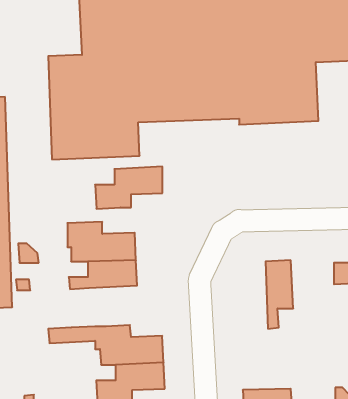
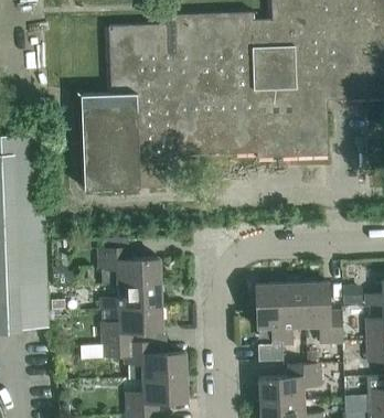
building: [95,167,162,209] -> [100,307,162,345]
building: none -> [303,282,342,345]
building: none -> [256,285,282,362]
building: none -> [259,364,321,403]

